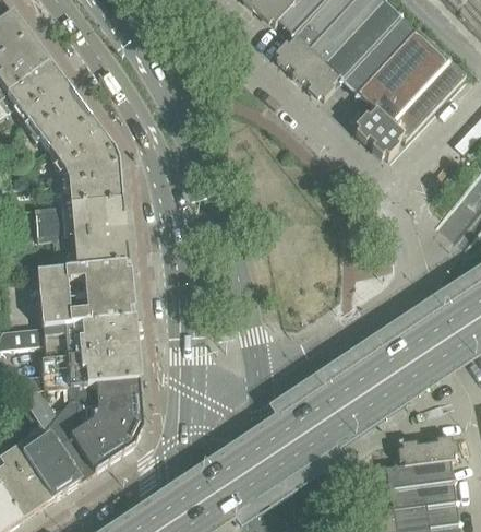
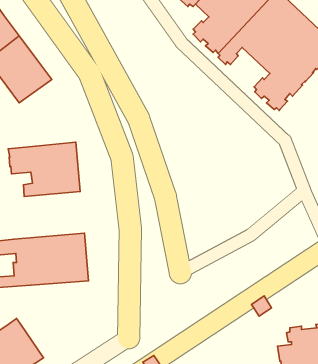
building: [50,117,124,204] -> none
building: [38,263,135,326] -> none
building: [47,380,145,481] -> none

